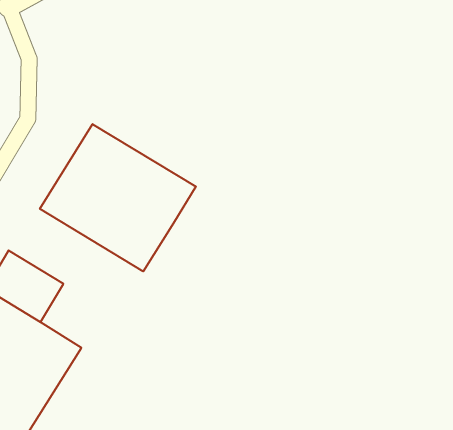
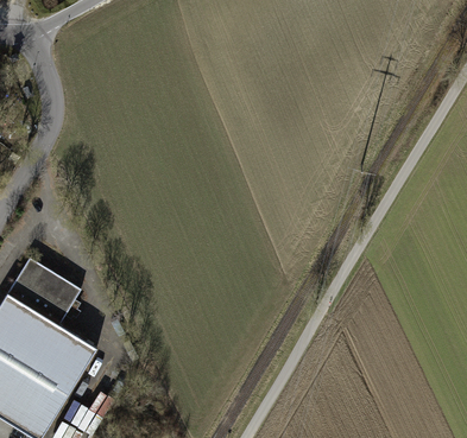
building: [40,124,196,271] -> none

